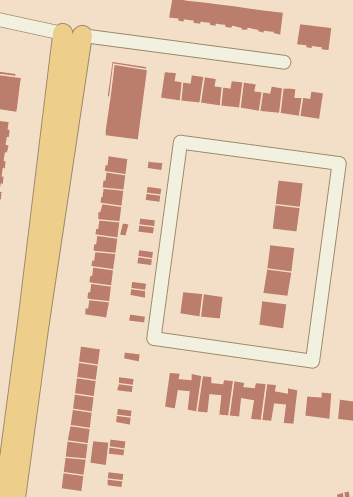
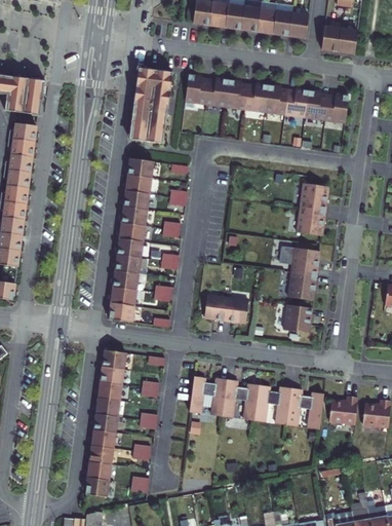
building: [90,441,109,466] -> none

